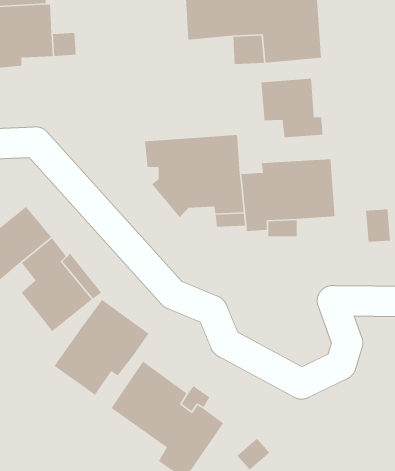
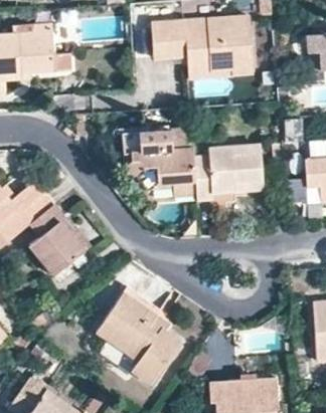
building: [261,78,324,138] -> none
building: [54,299,149,396] -> none

